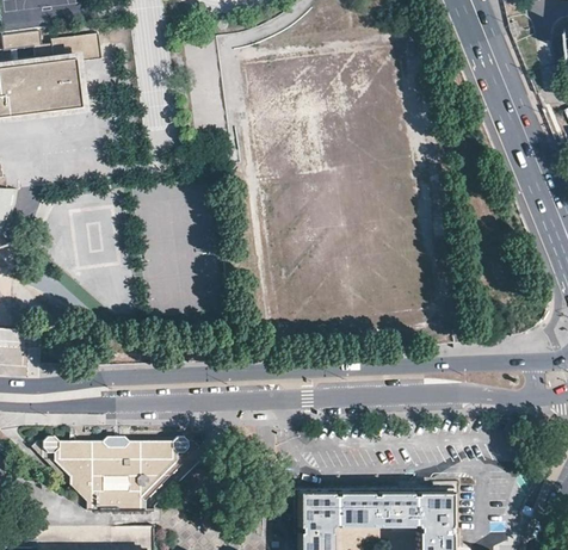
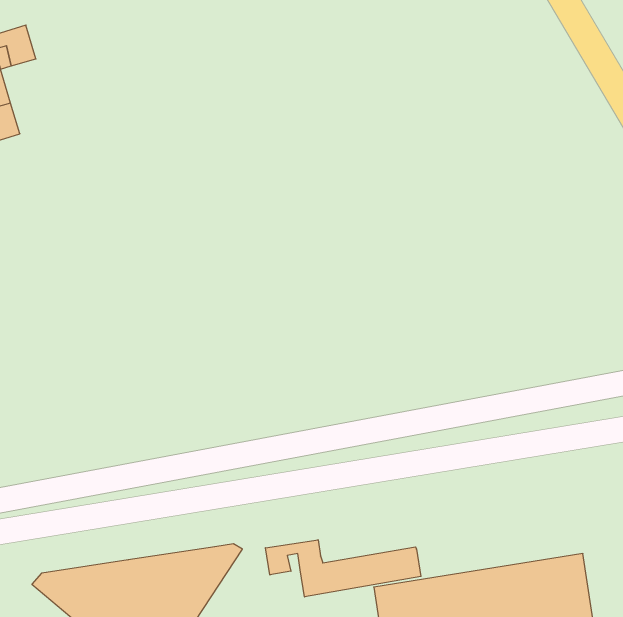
building: none -> [265,540,421,597]

